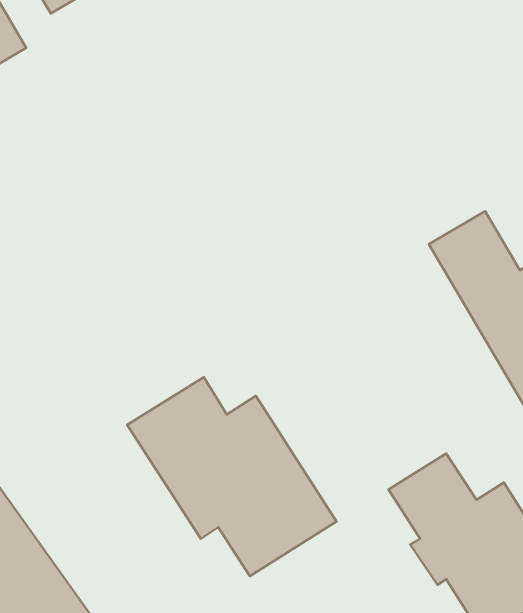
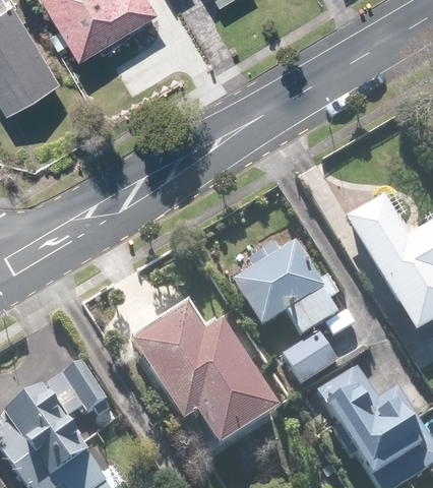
building: none -> [233,239,341,334]
building: none -> [284,329,338,381]
building: none -> [48,358,108,414]

